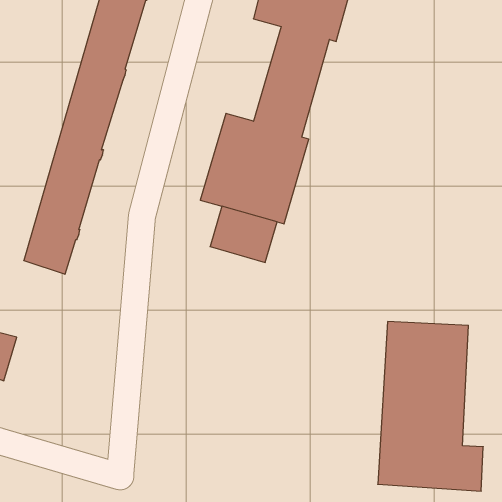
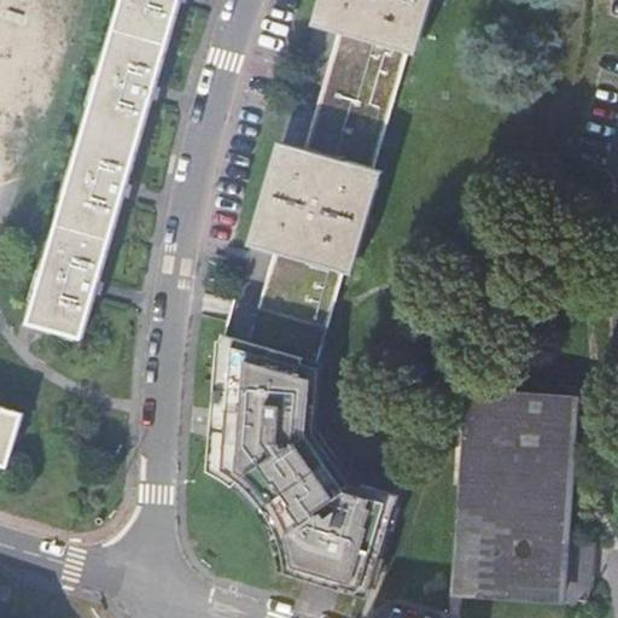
building: none -> [208,311,396,593]

